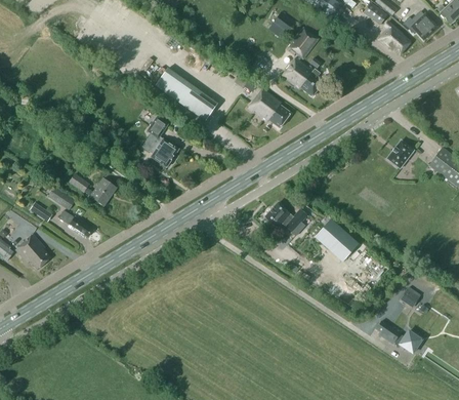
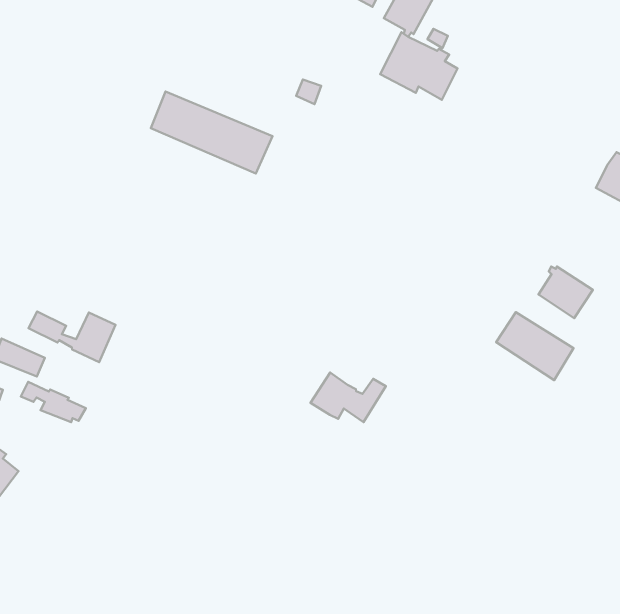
building: [248,88,290,127] -> none
building: [142,117,178,167] -> none
building: none -> [538,266,593,318]
building: [264,202,306,232] -> [311,373,386,422]

